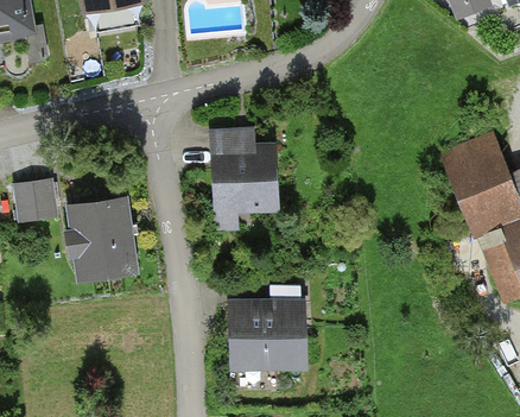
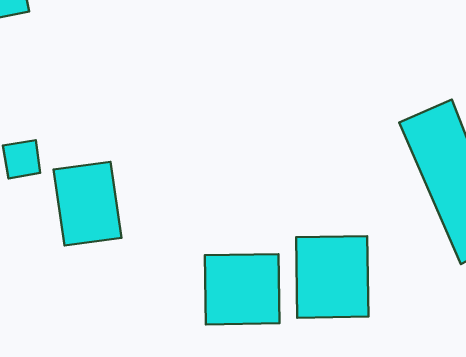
building: [209,127,283,233] -> none
building: none -> [296,236,368,318]

